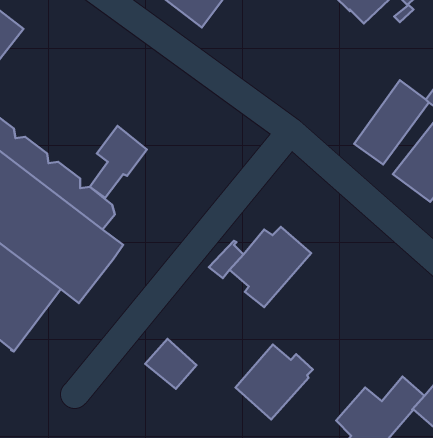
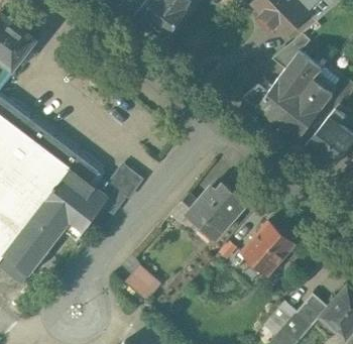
building: none -> [245,43,321,123]
building: [90,126,147,198] -> [102,162,143,215]
building: [235,345,313,419] -> [240,221,297,275]

